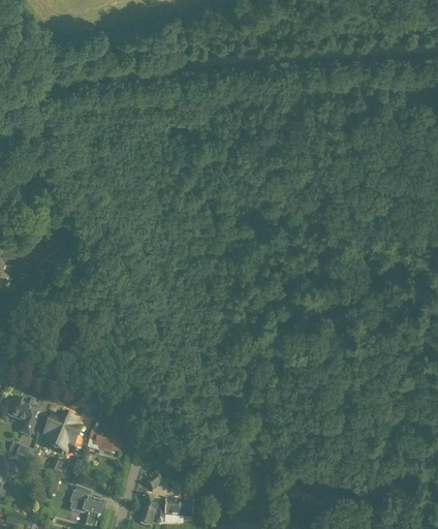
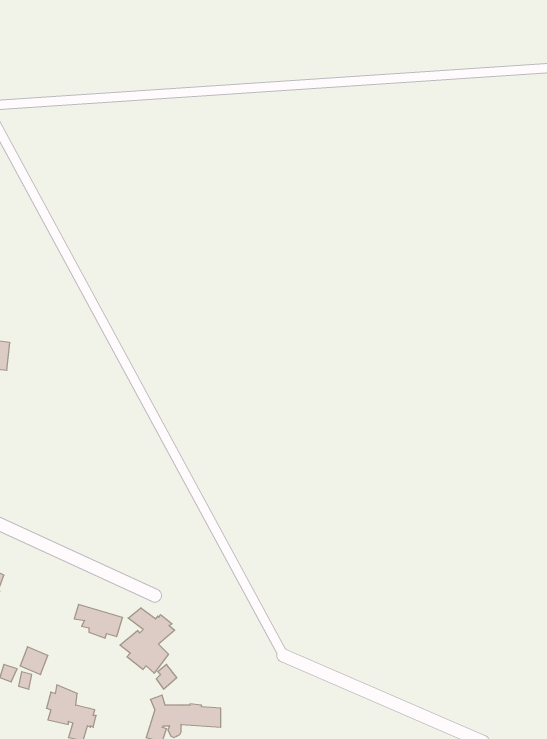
building: [45,414,77,449] -> none
building: none -> [120,608,175,673]

